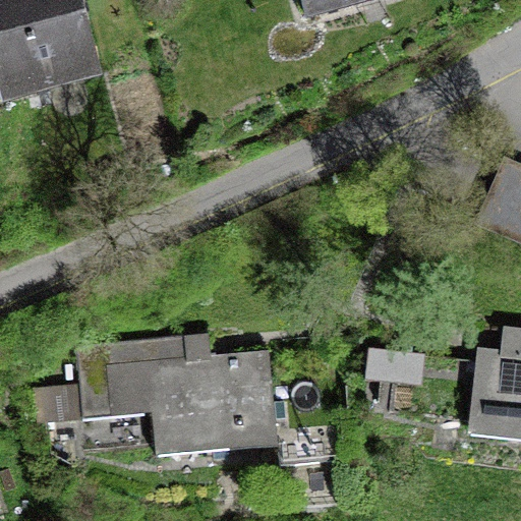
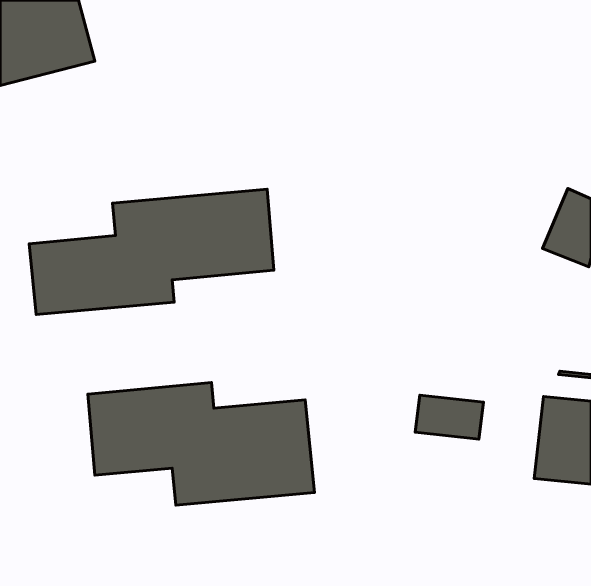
building: none -> [29,189,274,314]

